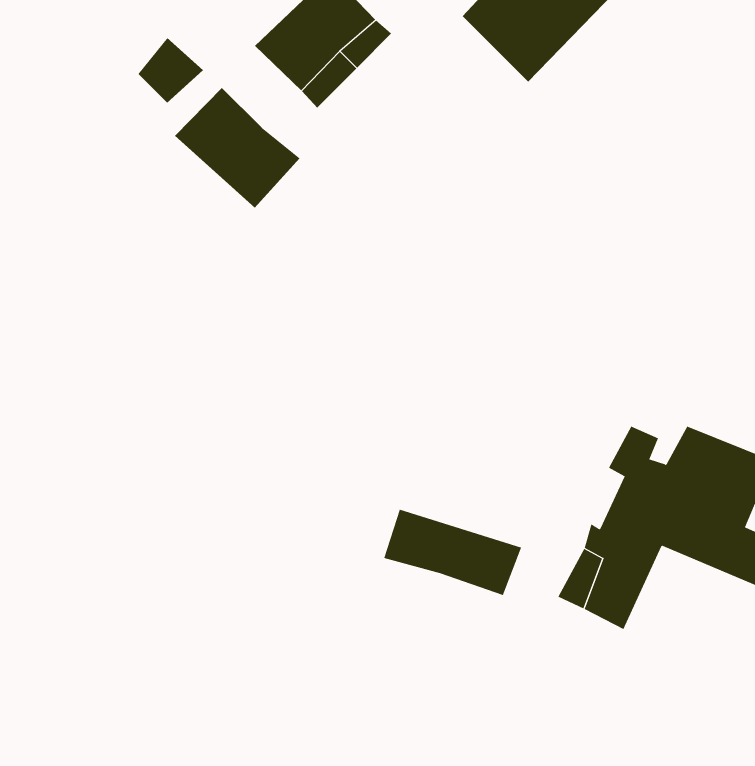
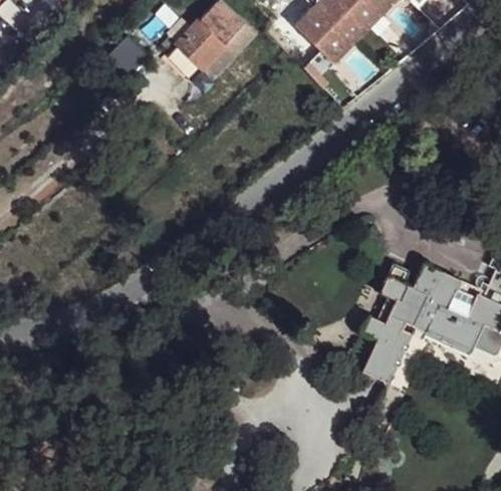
building: [174,87,301,209] -> none
building: [384,509,522,596] -> none

